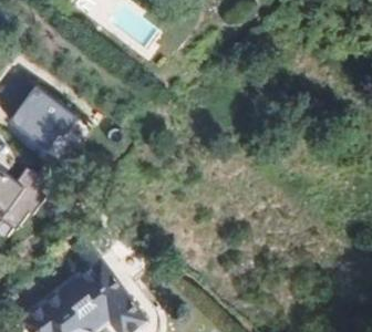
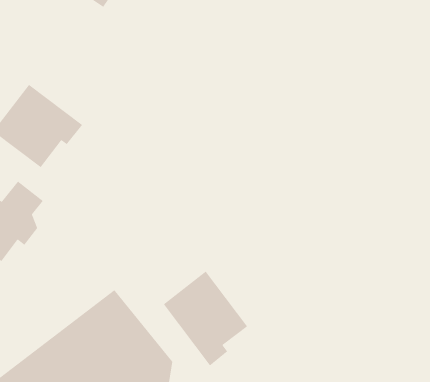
building: none -> [163,271,248,366]

